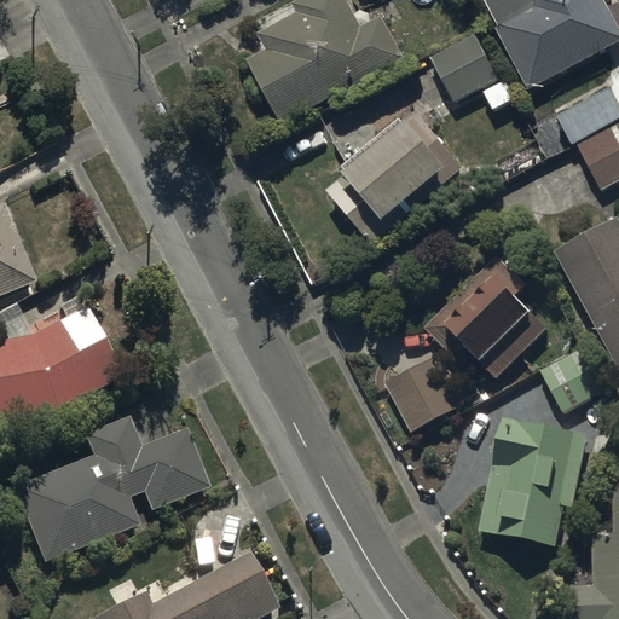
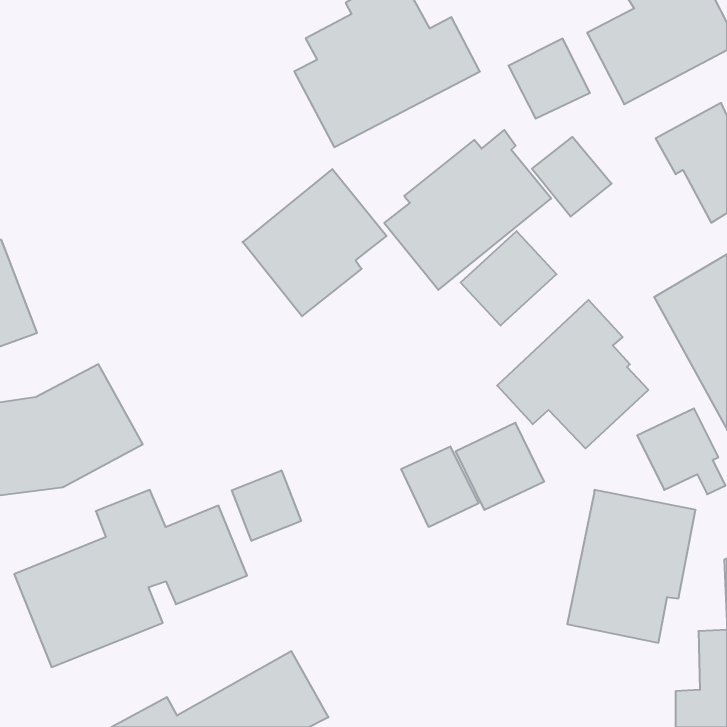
building: none -> [532,137,612,217]
building: none -> [242,169,387,316]
building: none -> [461,231,557,326]
building: none -> [401,446,479,527]
building: none -> [232,470,301,541]

